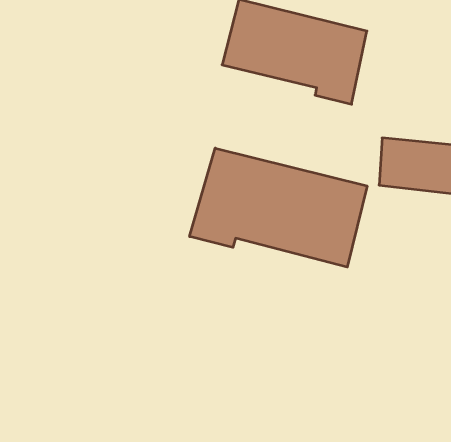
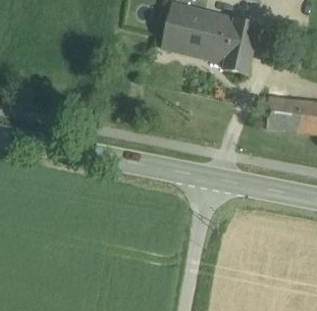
building: [190,148,367,267] -> none

